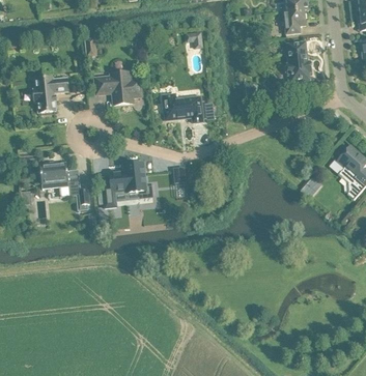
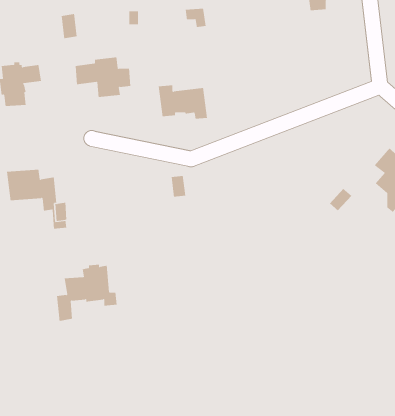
building: [285,41,311,81] -> none
building: [103,161,152,207] -> [56,264,118,321]

